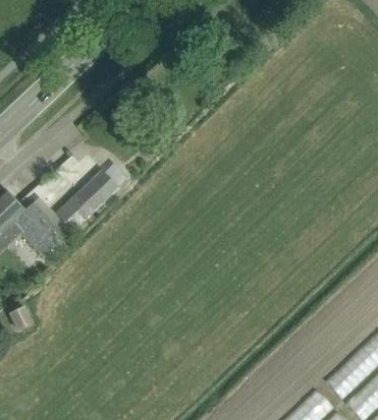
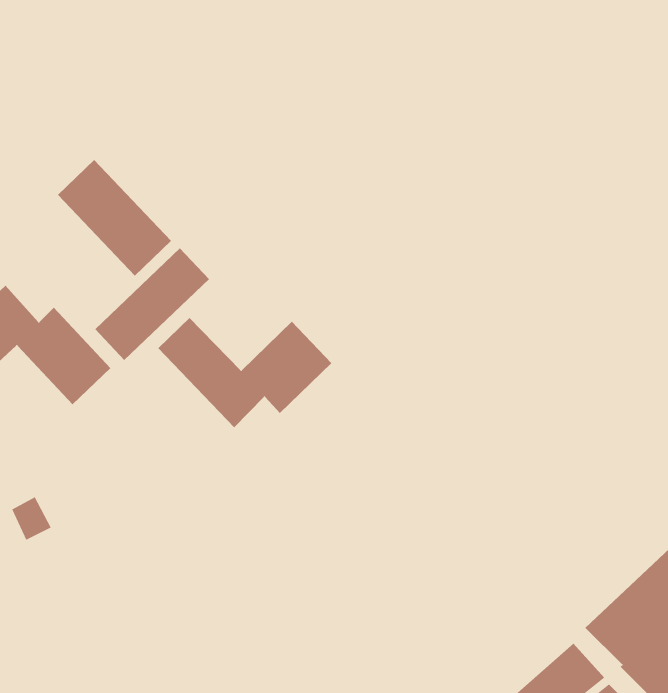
building: none -> [57,159,172,277]
building: none -> [157,317,332,428]

